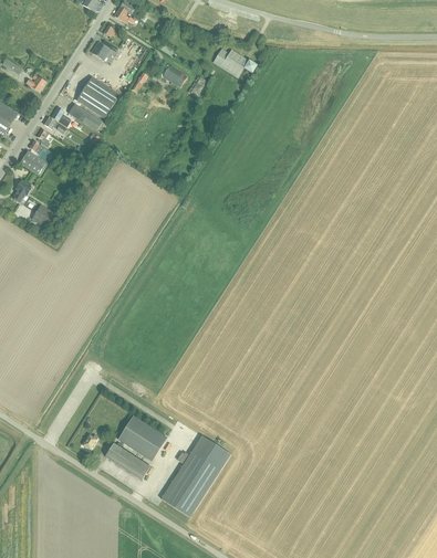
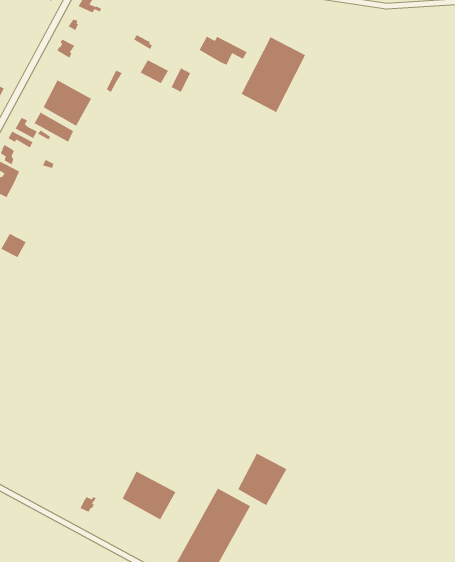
building: none -> [241,36,306,113]
building: none -> [237,453,287,506]
building: [105,442,149,478] -> none

